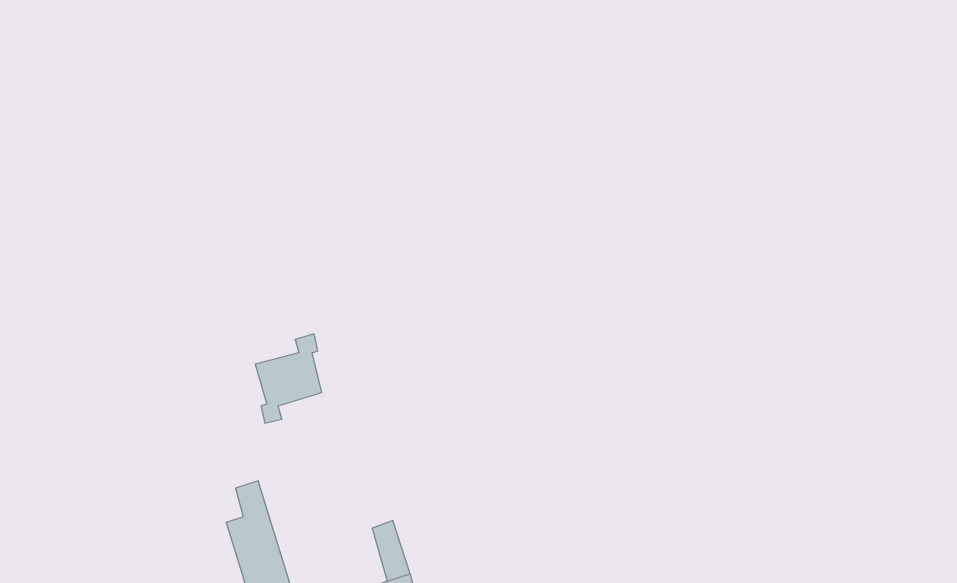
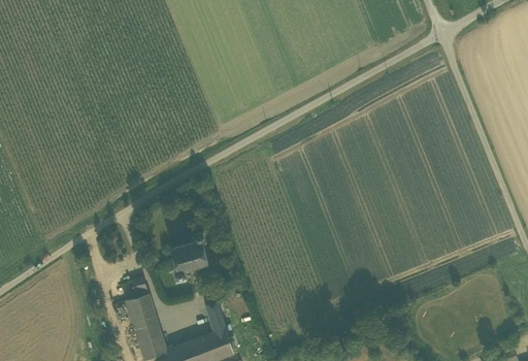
building: [255,334,322,423] -> [171,232,207,281]

